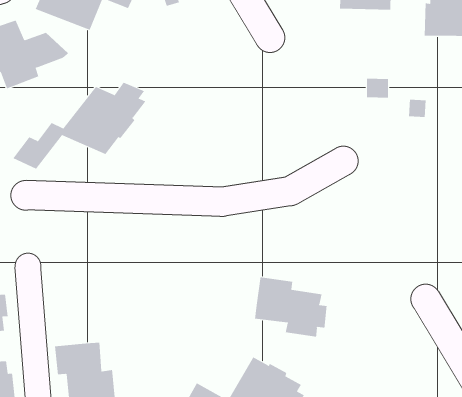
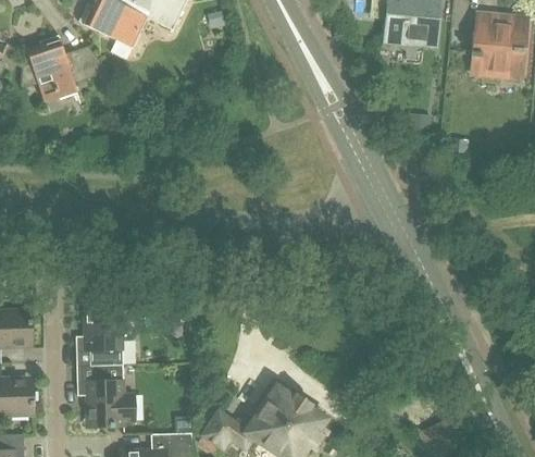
building: [13,82,146,170] -> none
building: [255,277,327,338] -> none
building: none -> [76,302,123,365]

